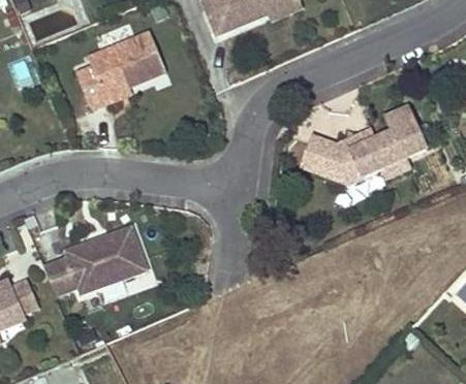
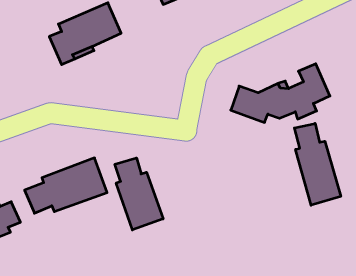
building: none -> [294,123,341,205]
building: none -> [115,158,163,230]

